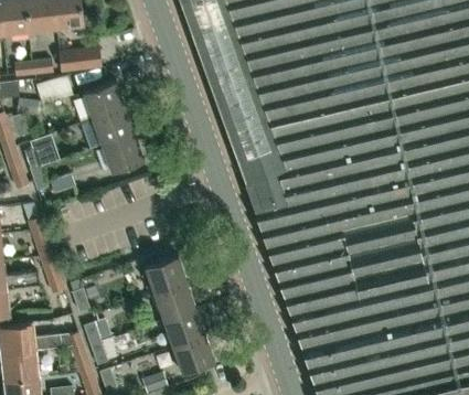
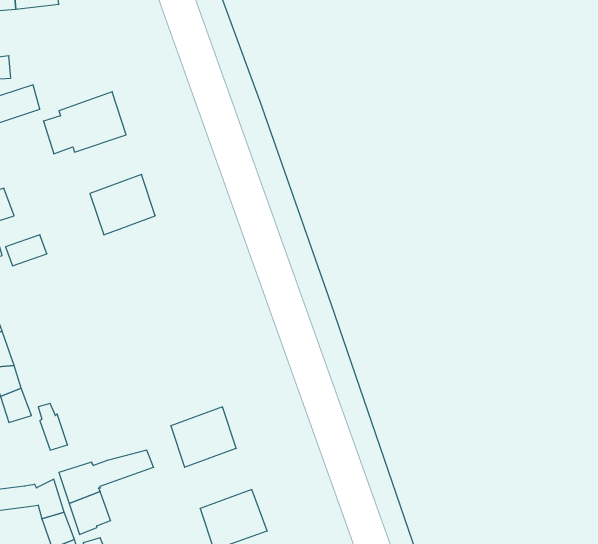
building: [58,46,100,77] -> none
building: [93,110,136,148] -> none
building: [145,258,188,297] -> none
building: [163,311,206,350] -> none

